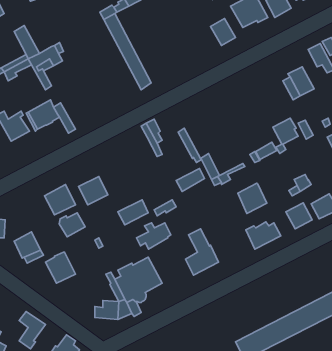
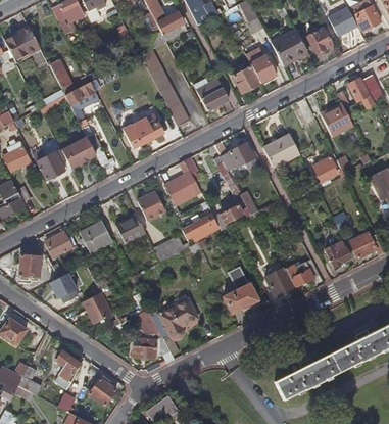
building: none -> [232,66,258,92]
building: none -> [193,76,229,110]
building: none -> [123,112,163,147]
building: none -> [262,133,299,167]
building: none -> [220,142,258,172]
building: none -> [164,174,195,204]
building: none -> [136,190,165,220]
building: [238,183,267,213] -> [264,267,294,297]
building: [59,213,85,237] -> [45,232,71,256]
building: [137,223,171,249] -> [183,215,217,241]

